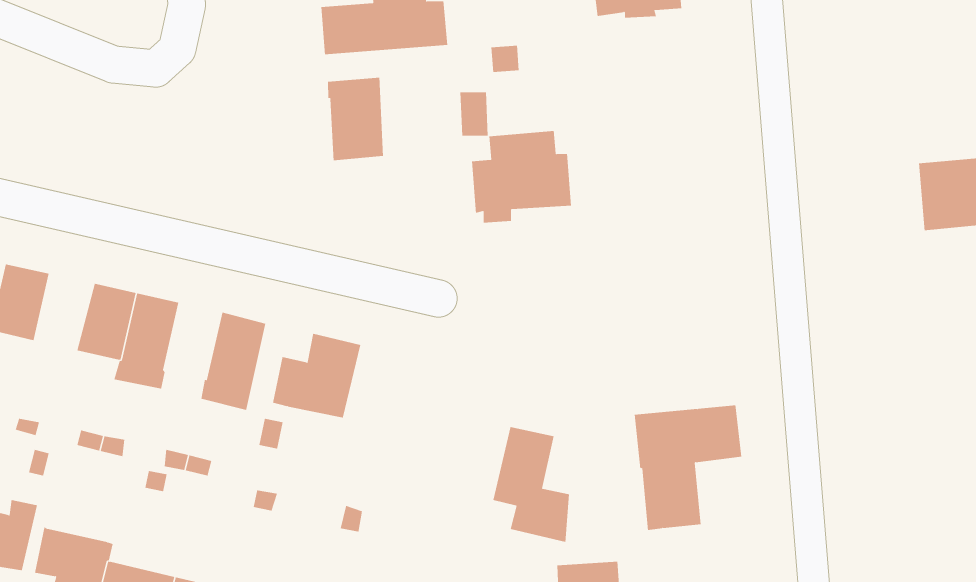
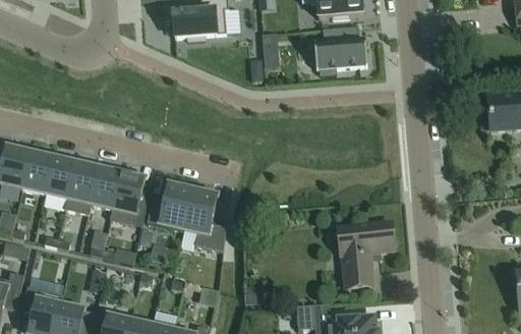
building: [328,77,384,161] -> none
building: [471,130,572,223] -> [313,24,366,73]
building: none -> [21,152,53,192]
building: none -> [90,167,120,208]
building: [493,427,570,543] -> [184,189,225,250]

